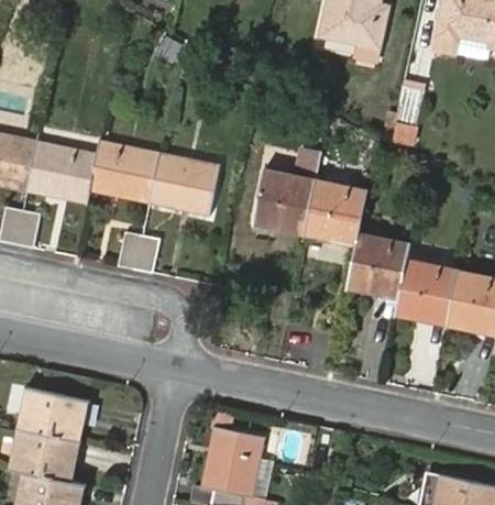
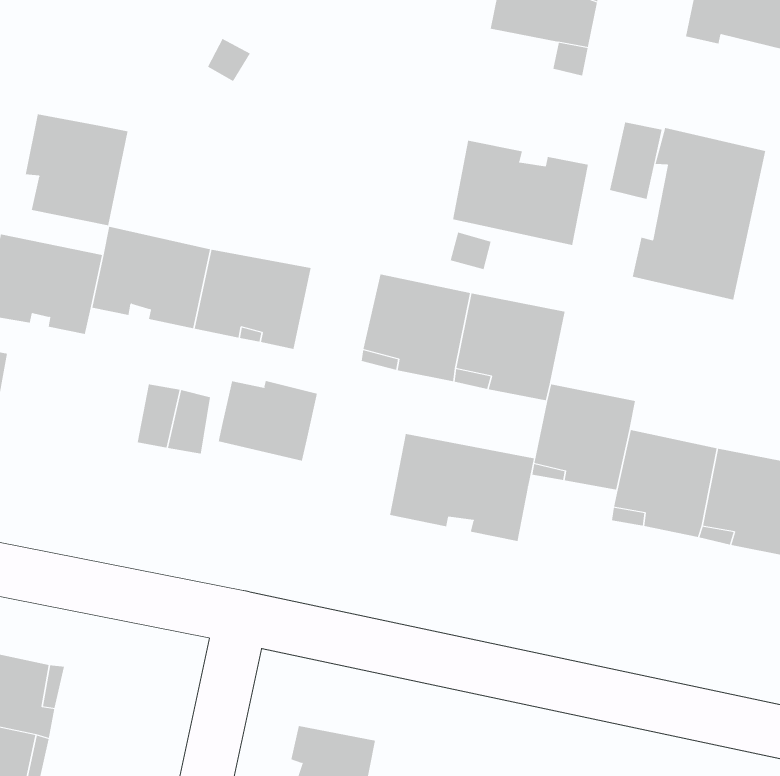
building: none -> [25,114,128,226]
building: none -> [632,127,766,301]
building: none -> [452,140,589,246]
building: none -> [218,380,317,462]
building: none -> [389,433,535,542]

